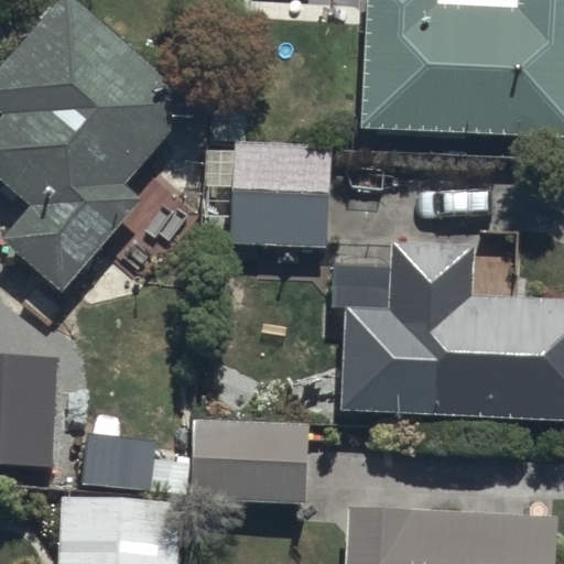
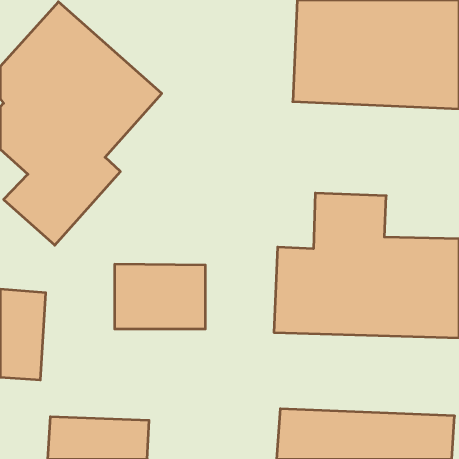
building: [237,142,326,238] -> none
building: [194,422,305,501] -> [115,264,205,329]

